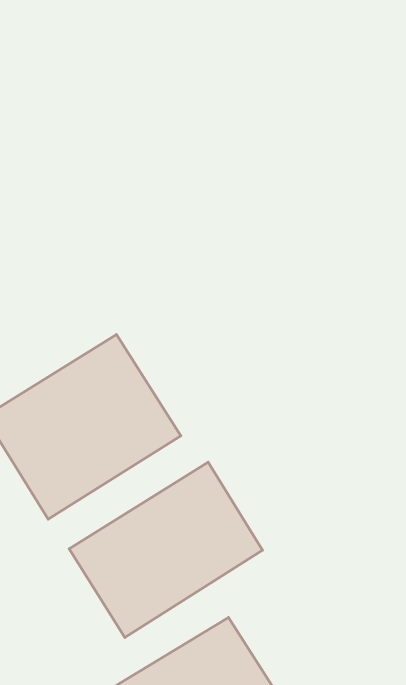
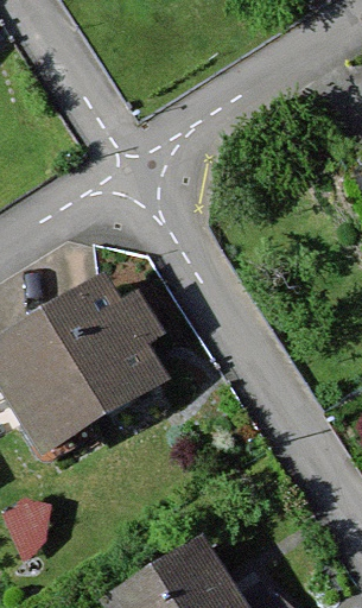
building: [69,462,263,638] -> none

